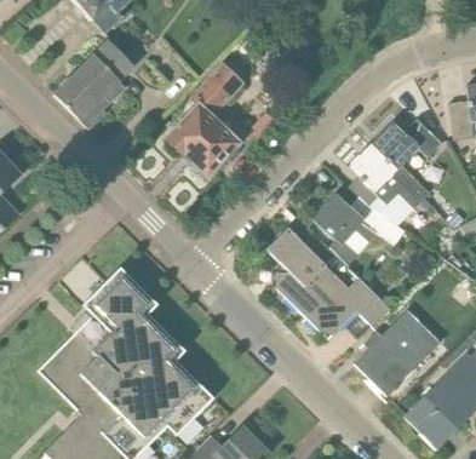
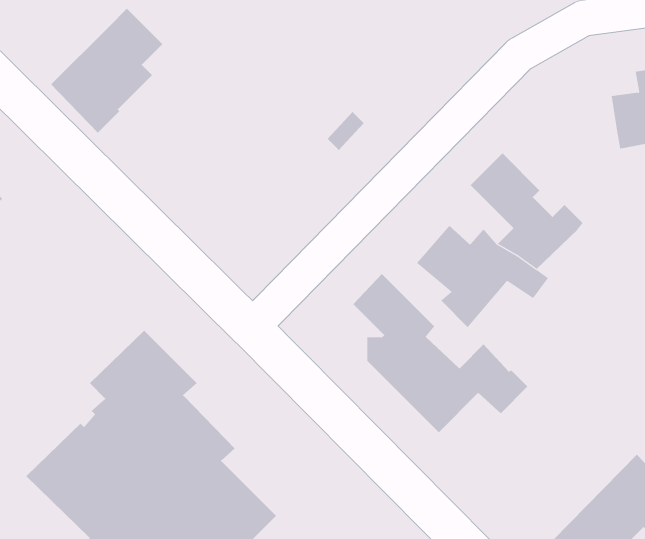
building: [167,62,246,176] -> none
building: [373,117,442,187] -> none
building: [355,311,440,395] -> none

